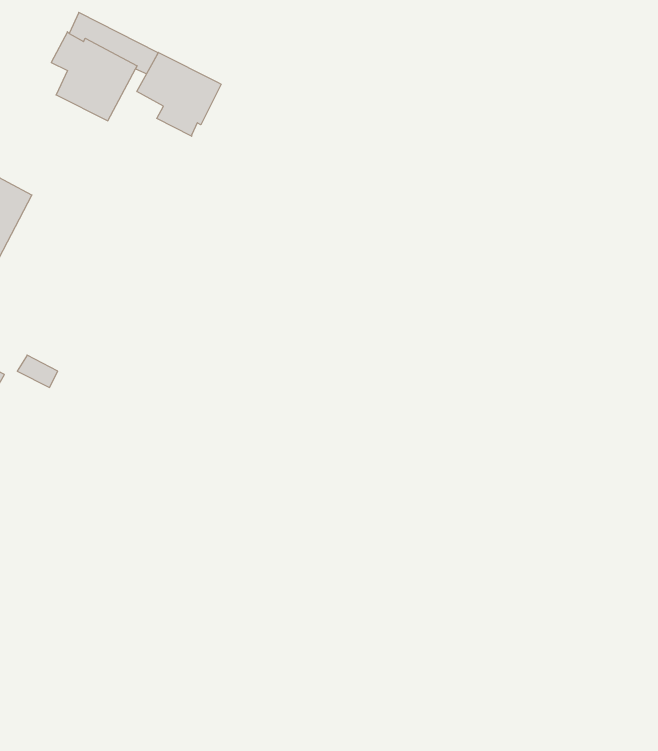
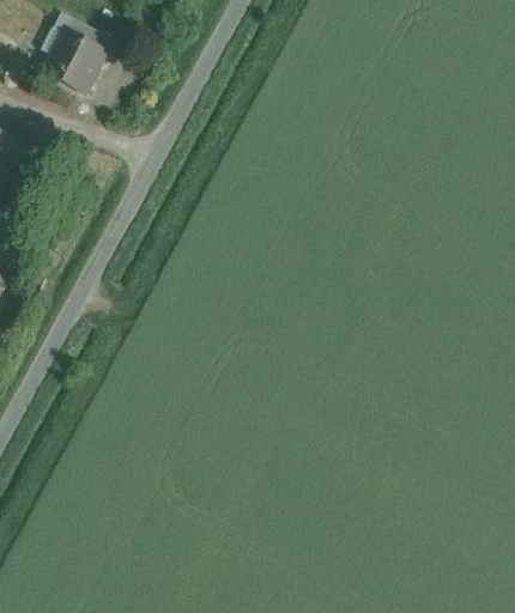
building: [137,52,221,136] -> none

